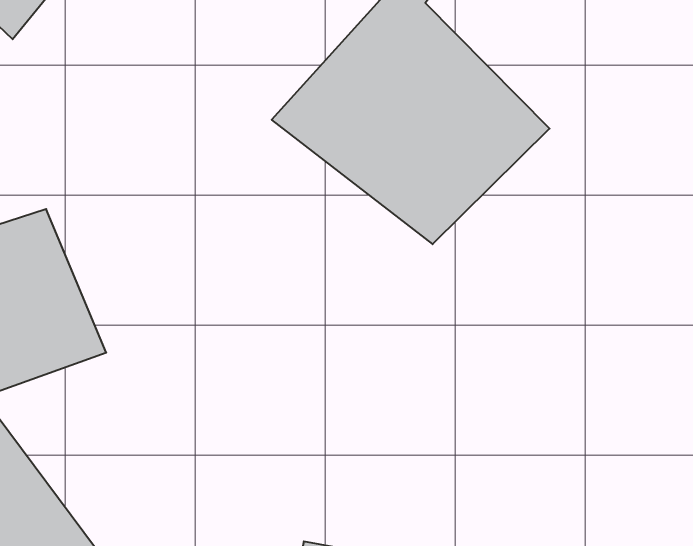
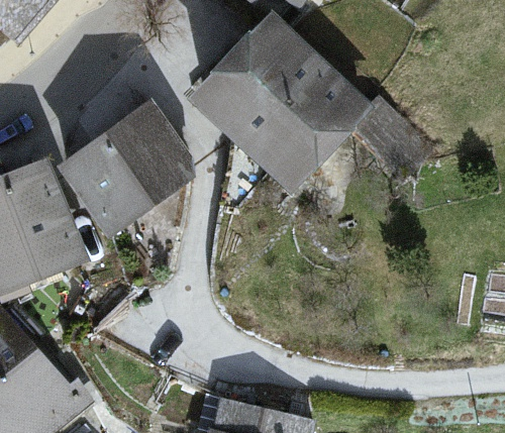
building: none -> [46,103,186,239]

